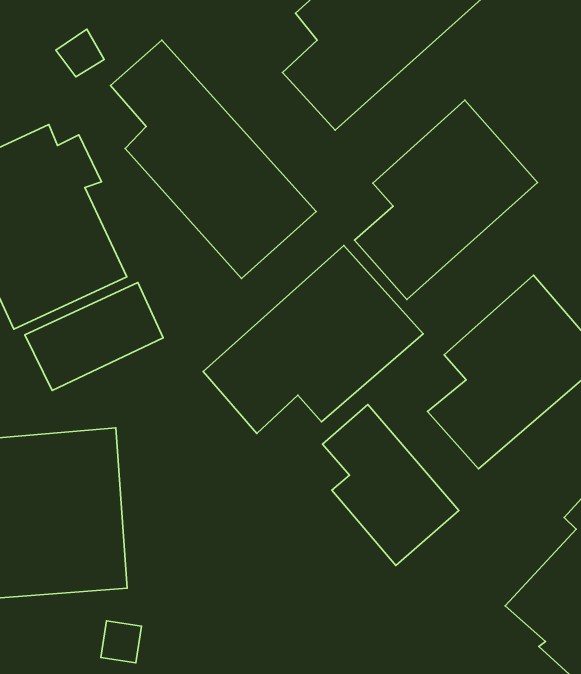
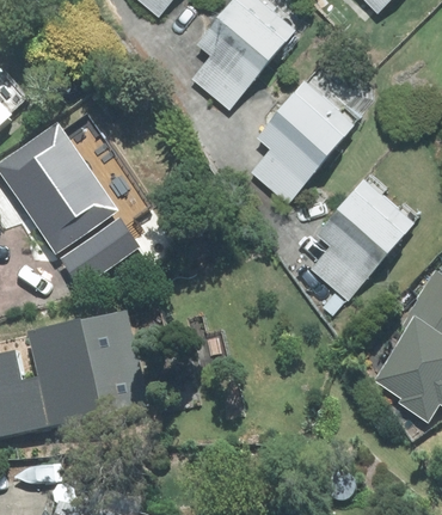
building: [110,40,316,278] -> none
building: [203,246,423,433] -> none
building: [322,405,459,566] -> none

